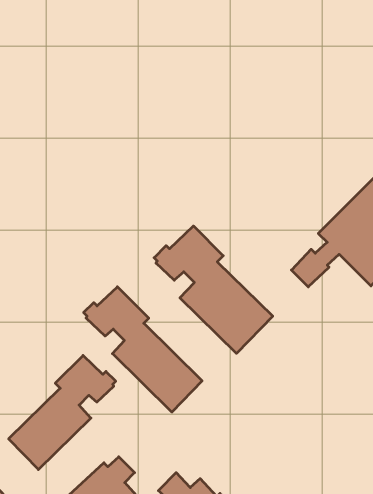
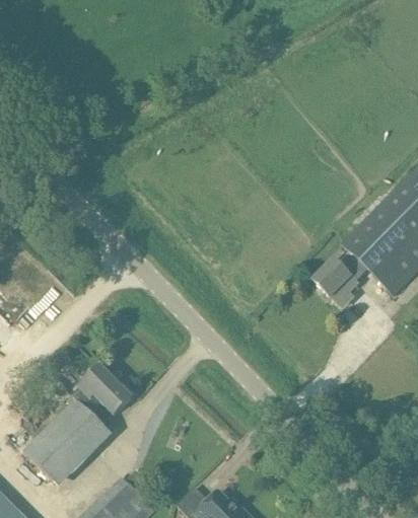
building: [154,226,273,353] -> none
building: [84,287,202,412] -> none

